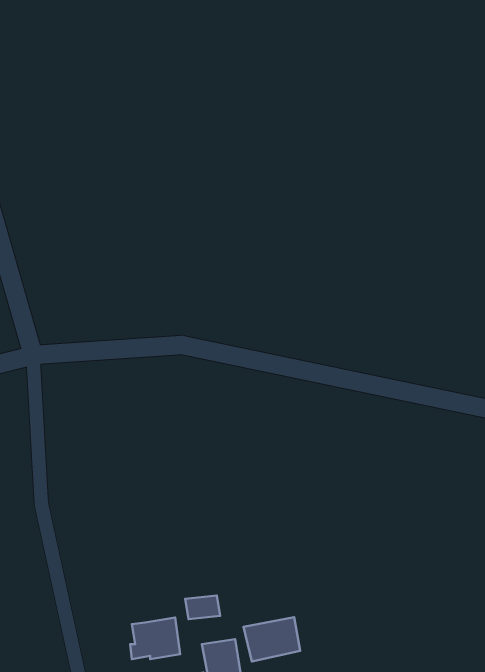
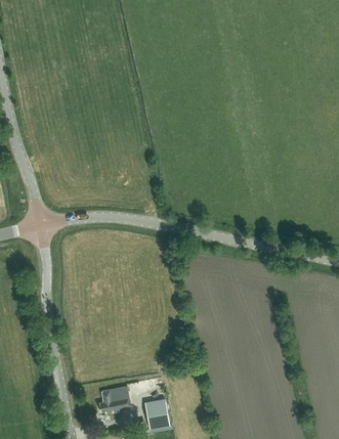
building: [244,617,300,662] -> none

